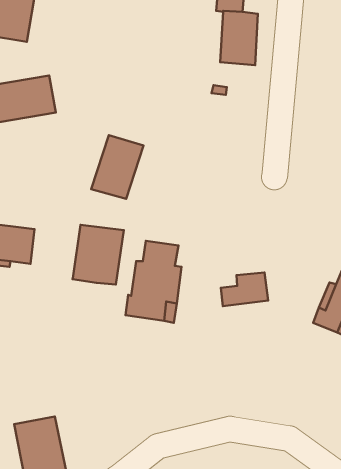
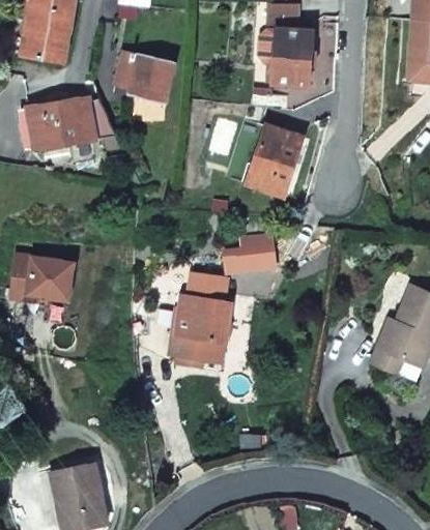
building: none -> [114,51,174,100]
building: [91,135,144,199] -> [247,125,303,194]
building: [72,225,124,284] -> none
building: [221,272,268,306] -> [224,236,275,272]

